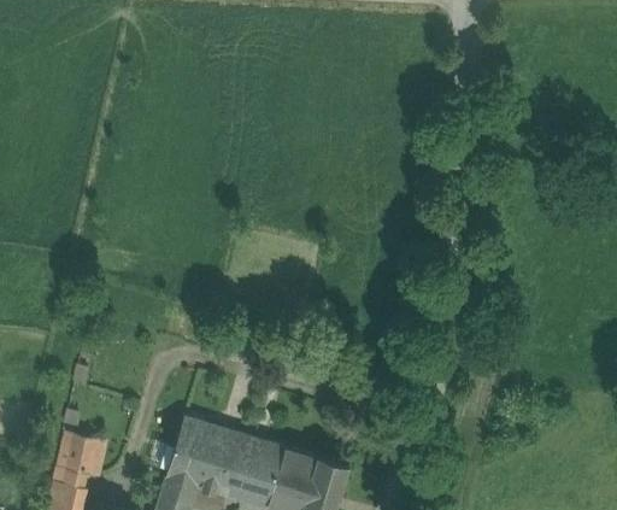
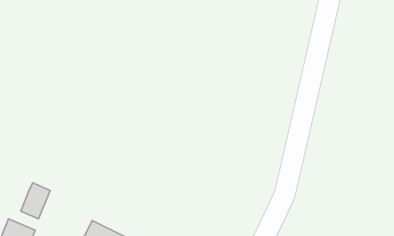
building: none -> [21,183,50,219]

